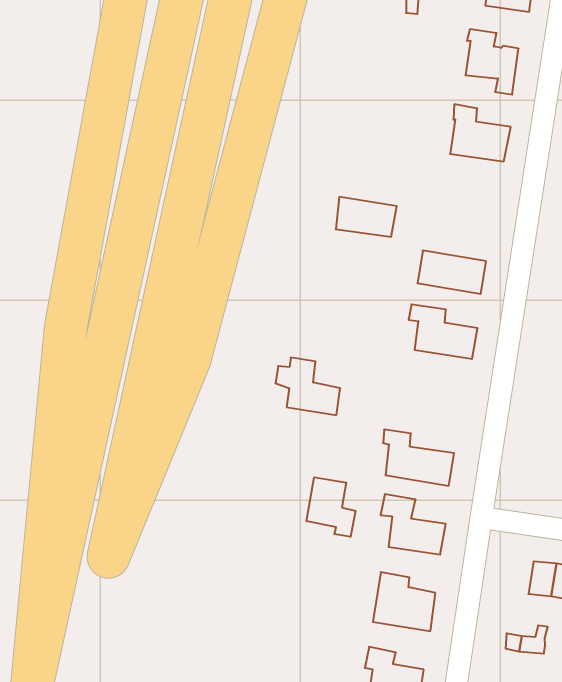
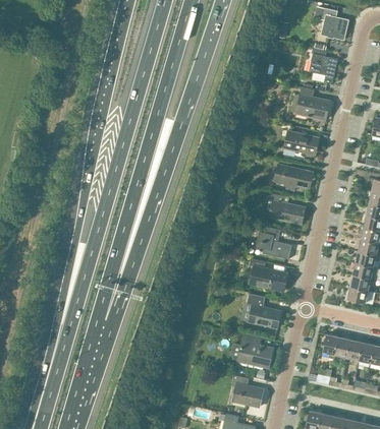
building: [336,197,397,237] -> [284,130,318,154]
building: [275,358,340,415] -> [257,227,291,259]
building: [307,477,355,537] -> none

